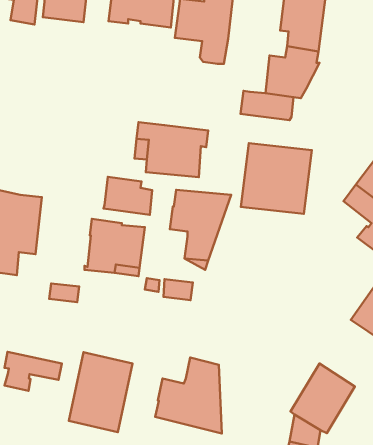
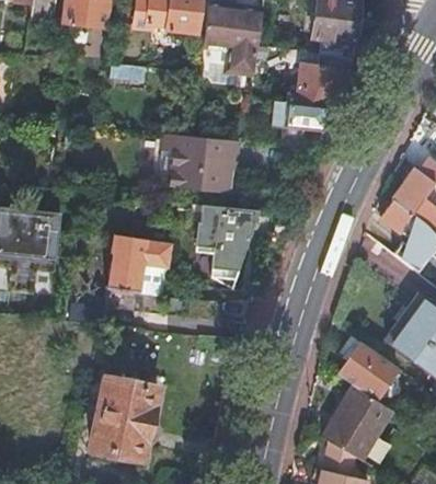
building: [241,143,312,214] -> none
building: [104,177,152,215] -> none
building: none -> [339,342,398,411]
building: [5,352,62,391] -> none
building: [155,357,222,433] -> none

